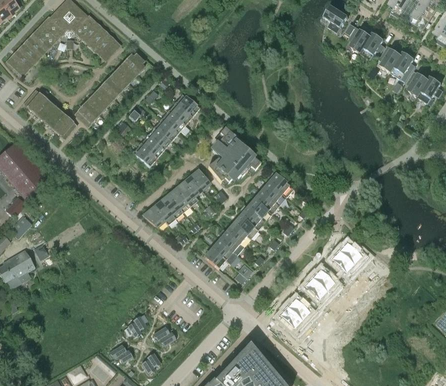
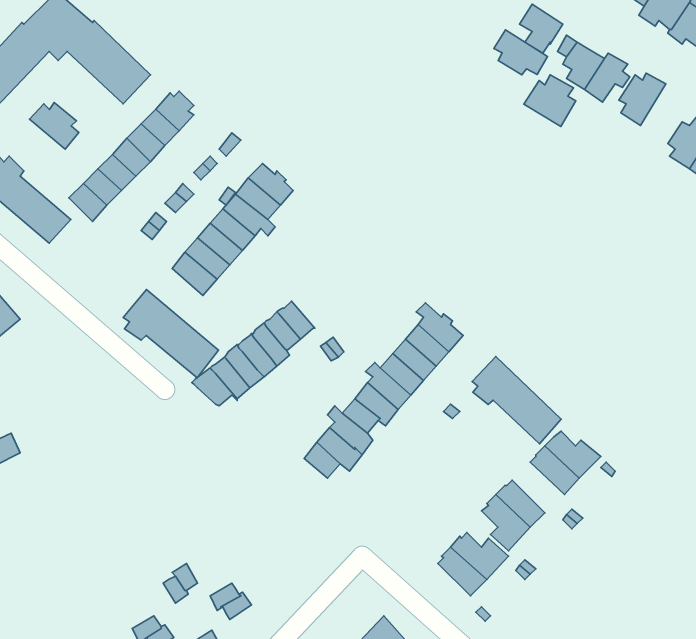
building: none -> [494,30,547,75]
building: none -> [524,75,576,126]
building: [391,50,415,81] -> none
building: none -> [30,103,79,149]
building: [208,128,260,182] -> none
building: none -> [123,290,218,378]
building: none -> [472,357,561,444]

